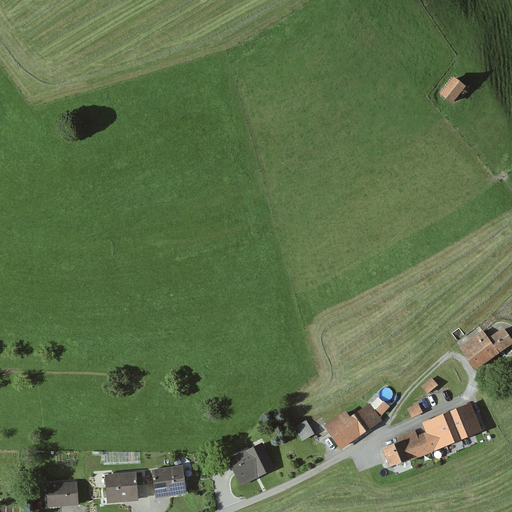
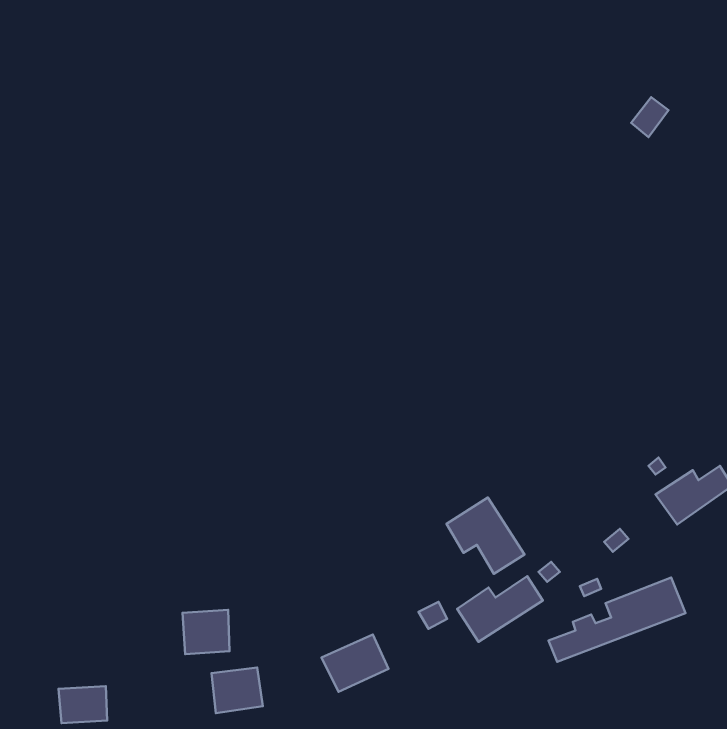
building: none -> [446,497,524,574]
building: [103,473,136,504] -> [182,610,230,654]

